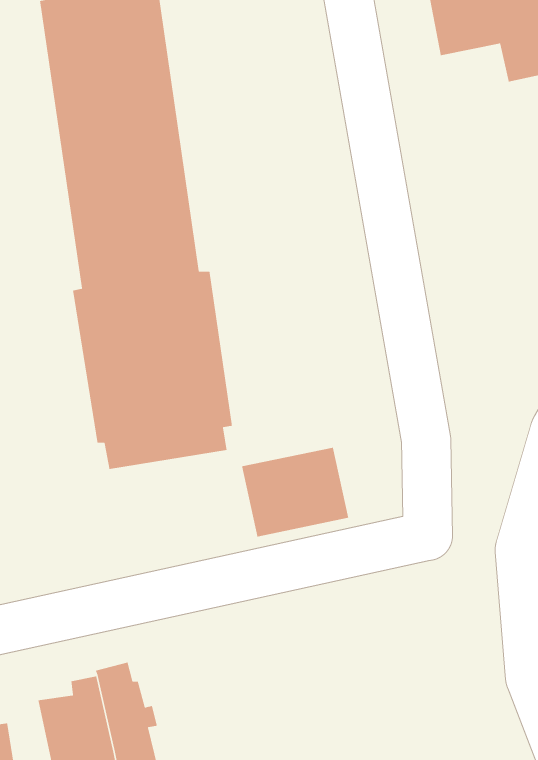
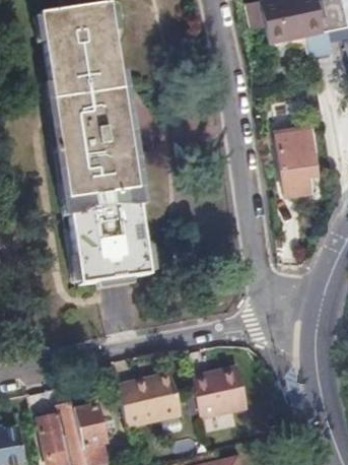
building: none -> [277,126,321,195]
building: [241,447,349,537] -> [119,373,182,425]
building: none -> [192,367,250,418]

